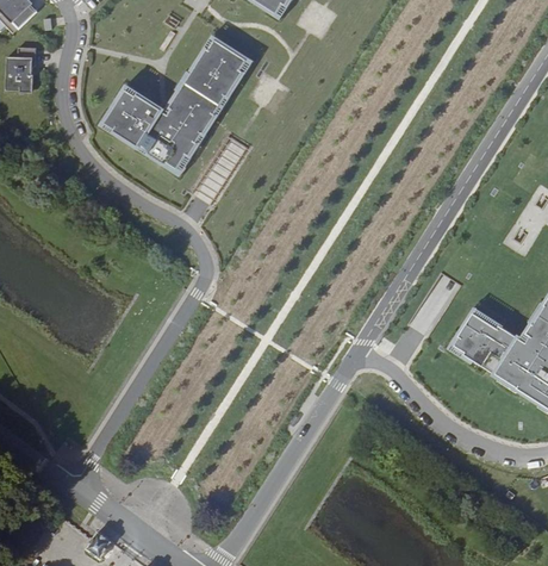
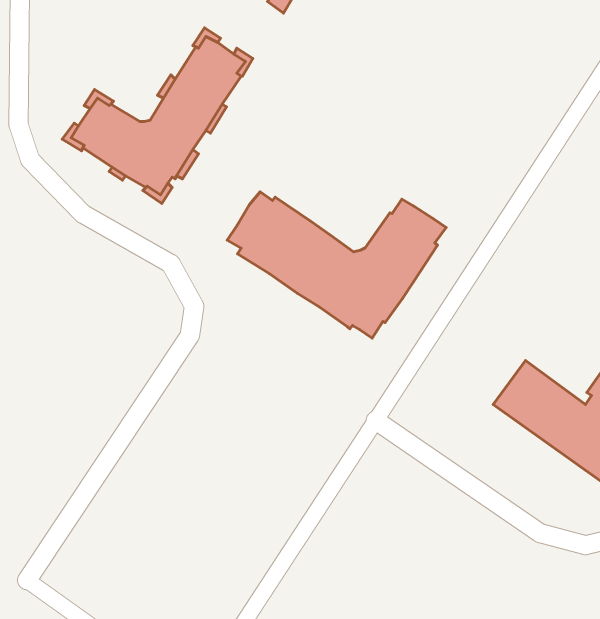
building: none -> [227,192,446,338]

